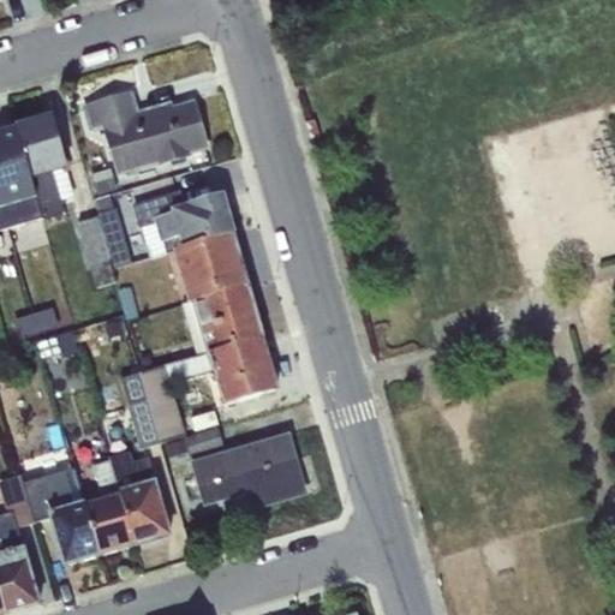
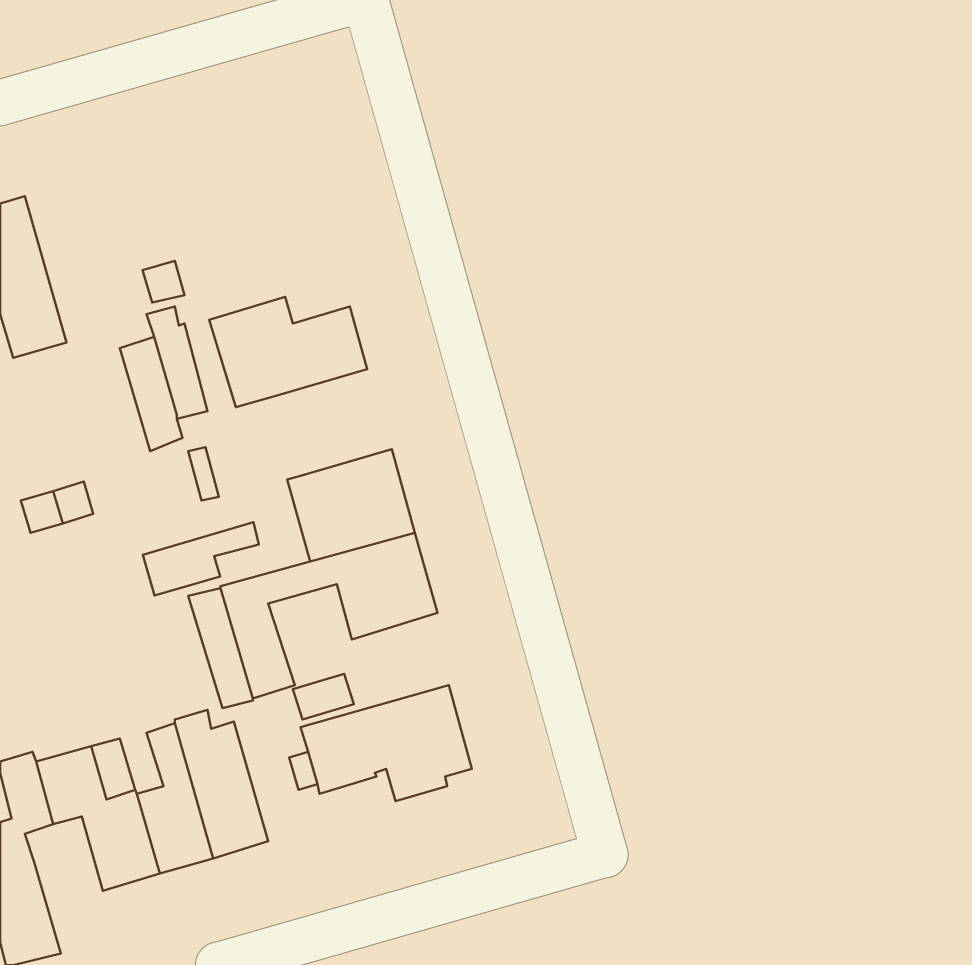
building: [84,91,205,173] -> none
building: [16,114,73,216] -> none
building: [174,233,247,300] -> none
building: none -> [143,522,259,595]

